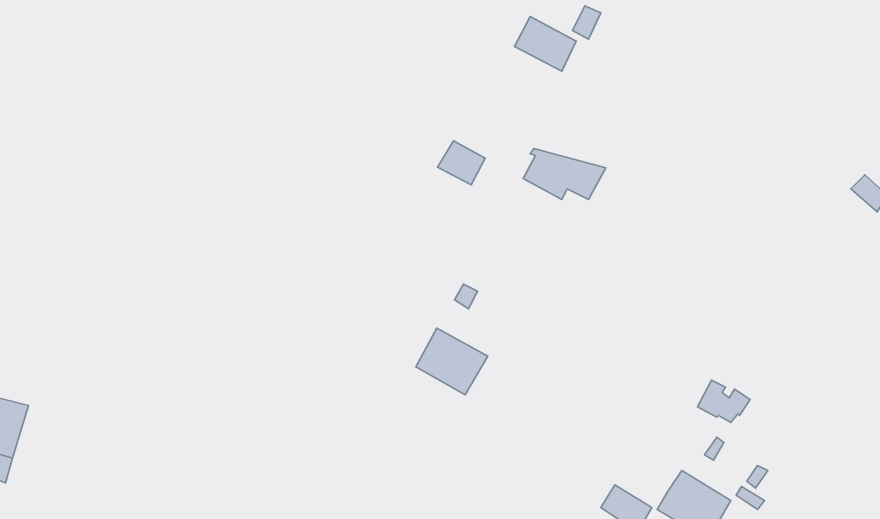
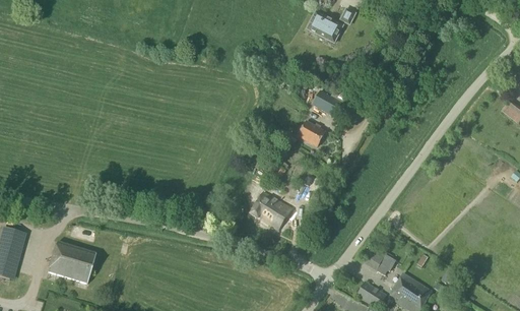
building: [438,141,485,185] -> [298,120,325,145]
building: [697,380,750,423] -> [365,249,395,273]
building: none -> [47,241,95,283]

